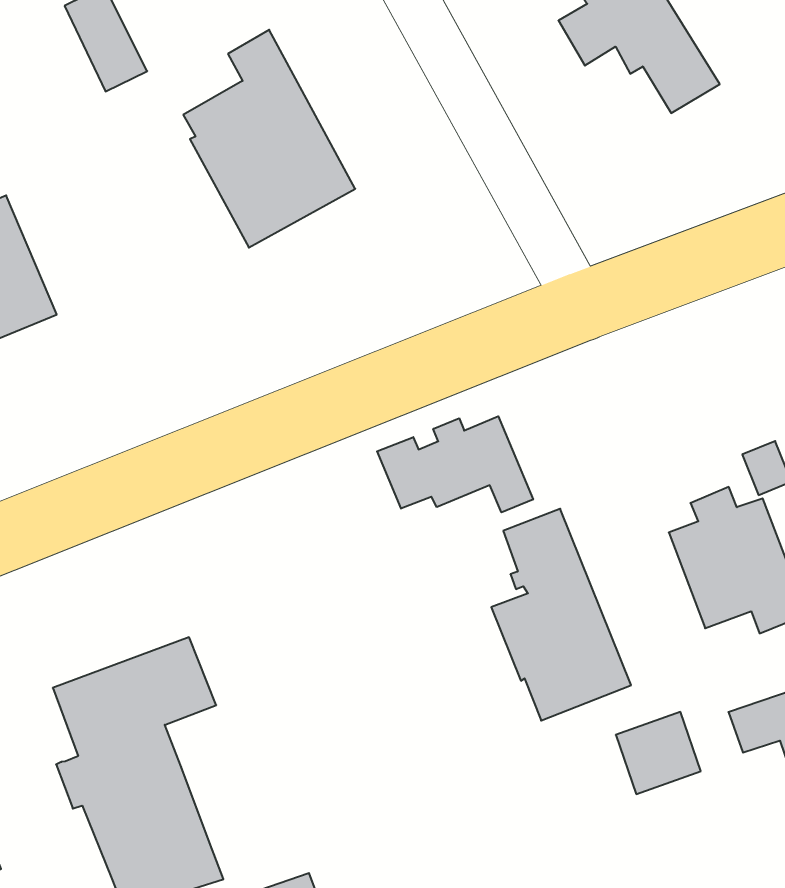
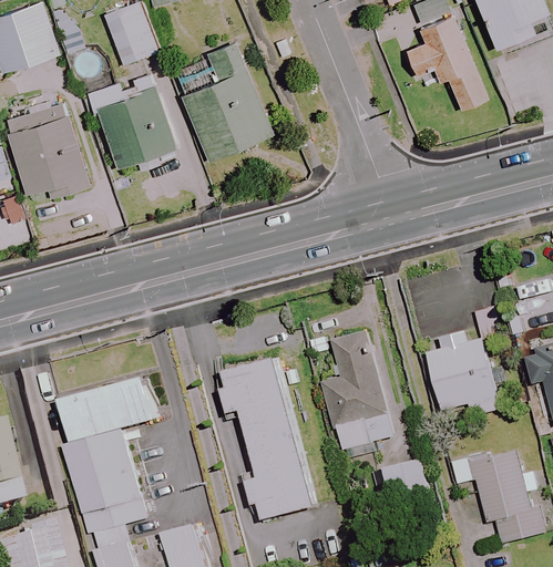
building: none -> [85,71,174,166]
building: [377,416,533,512] -> none
building: none -> [216,355,315,520]

